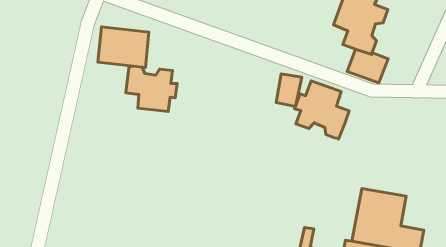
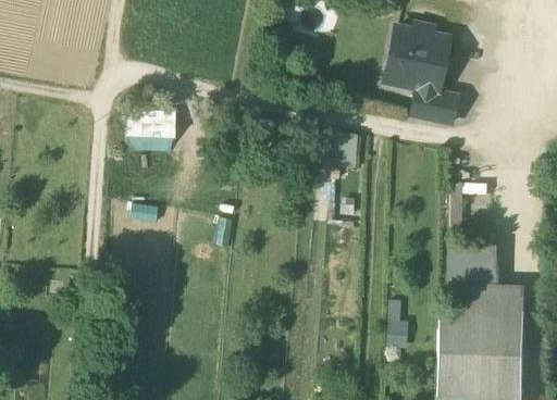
building: [126,66,177,112] -> none
building: [295,81,349,139] -> none

